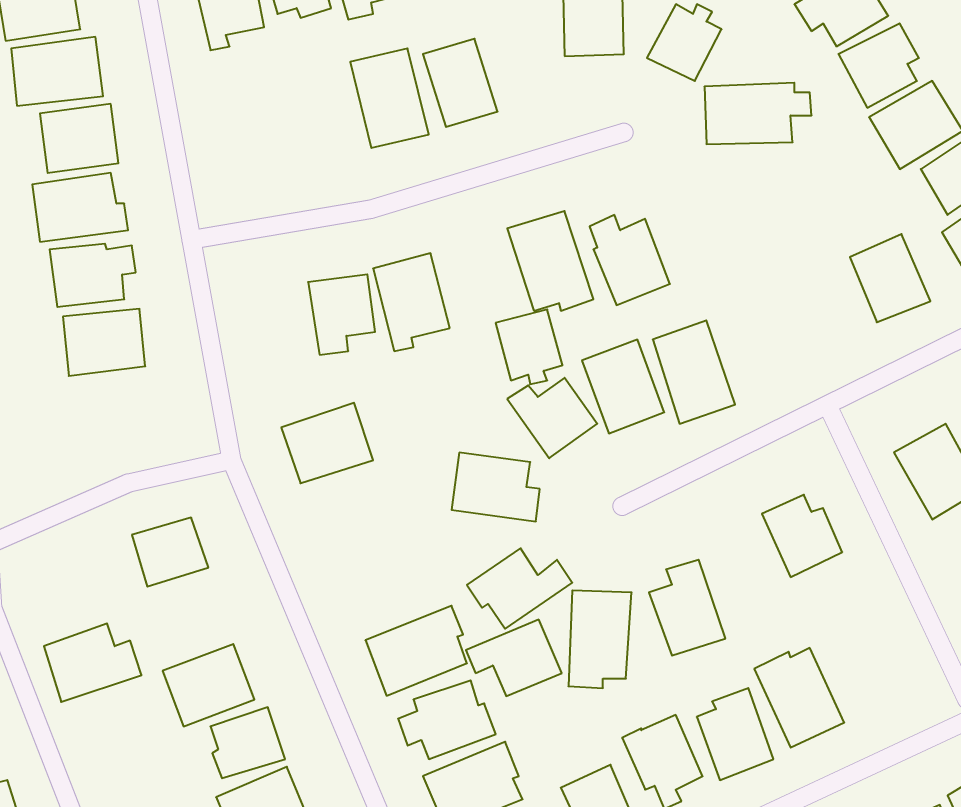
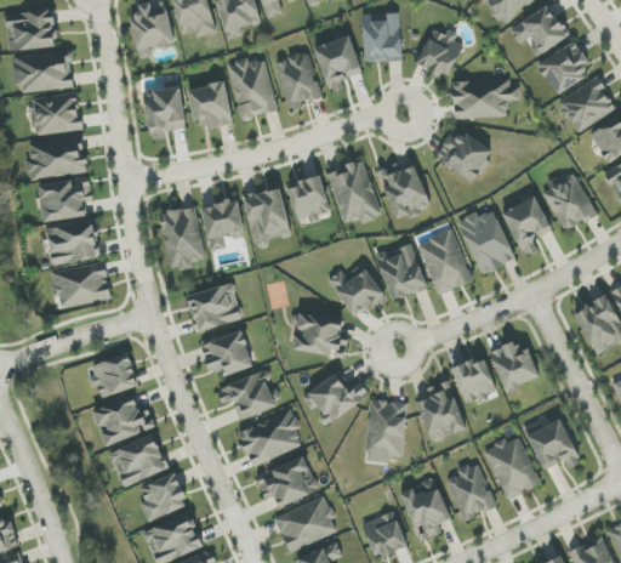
building: none -> [314,34,361,93]
building: none -> [143,79,184,138]
building: none -> [188,81,232,127]
building: none -> [435,130,494,182]
building: none -> [502,194,552,255]
building: none -> [160,206,204,269]
building: none -> [458,209,515,273]
building: [496,309,563,384] -> [287,175,330,222]
building: none -> [50,261,110,307]
building: none -> [200,330,253,375]
building: none -> [451,356,497,404]
building: none -> [524,416,582,467]
building: [466,620,562,696] -> [216,370,277,419]
building: [44,623,142,702] -> [93,394,155,444]

